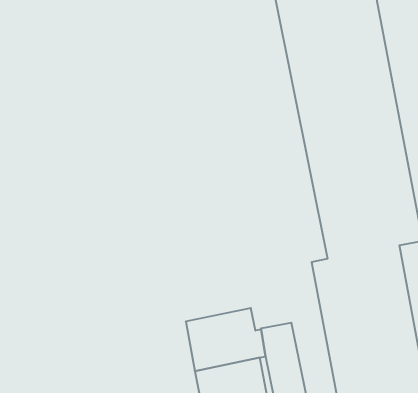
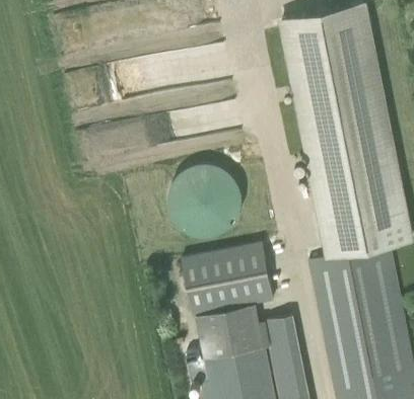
building: none -> [167,163,243,237]
building: none -> [182,244,273,315]

